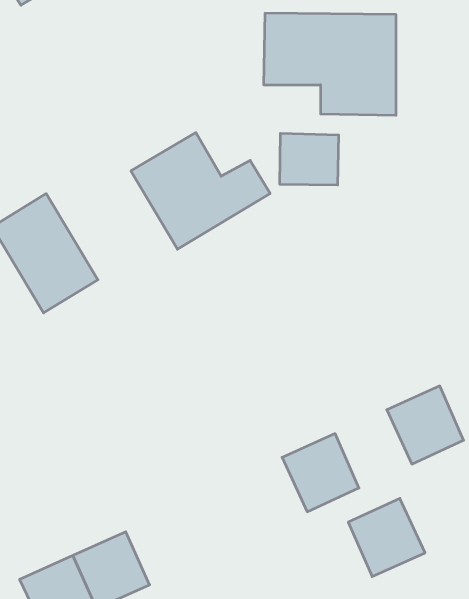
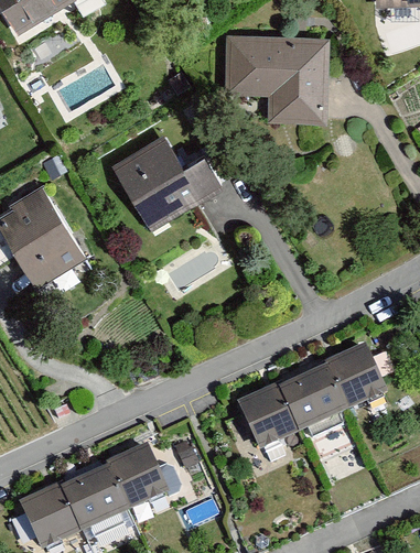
building: [280,133,339,185] -> none
building: [348,498,425,577] -> [280,365,344,430]
building: none -> [106,446,170,510]

